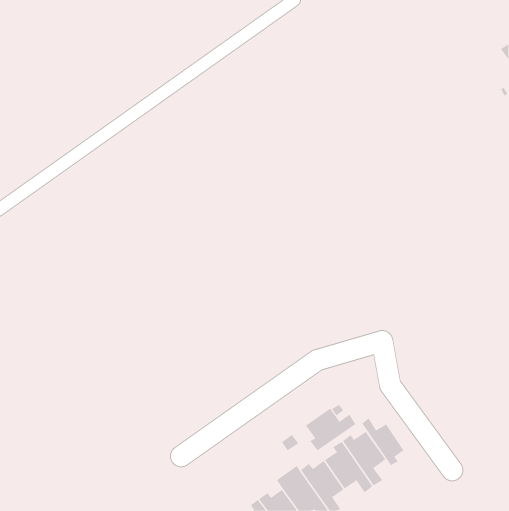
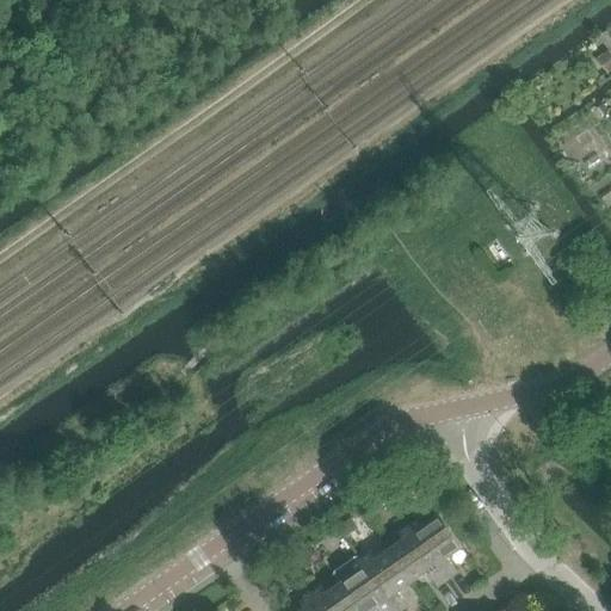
building: [305,408,356,451] -> none
building: [361,418,404,466] -> none

